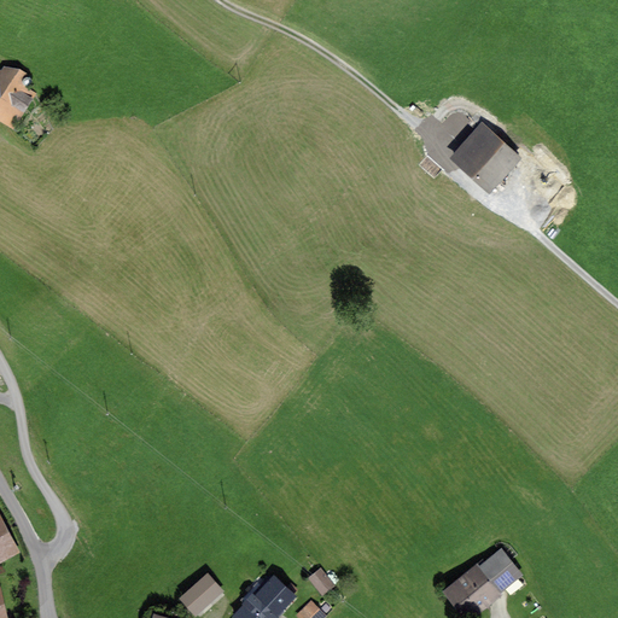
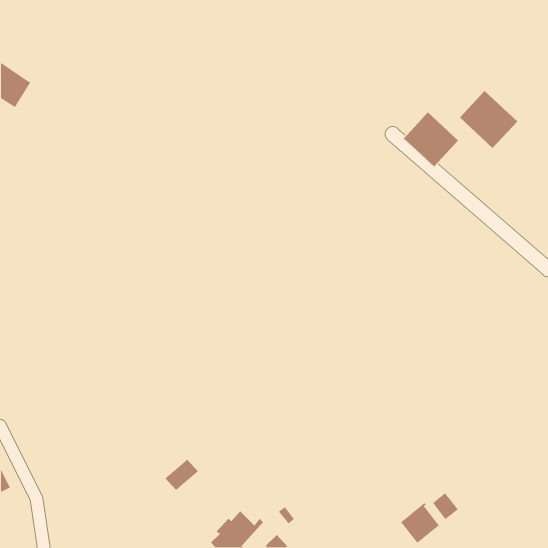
building: none -> [459,90,518,149]
building: [182,576,221,612] -> [165,459,199,491]

